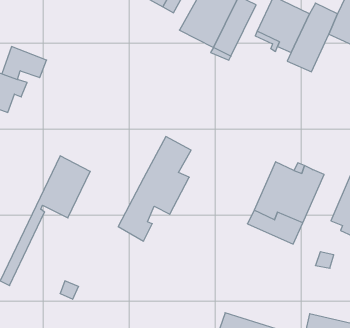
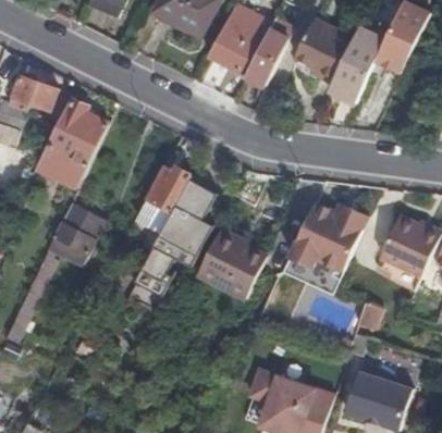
building: none -> [38,98,108,187]
building: none -> [142,165,192,221]
building: none -> [198,228,267,299]

